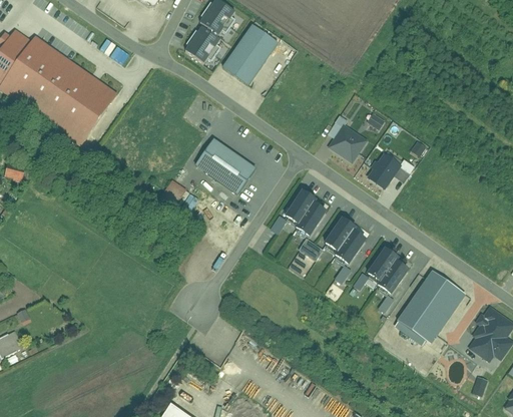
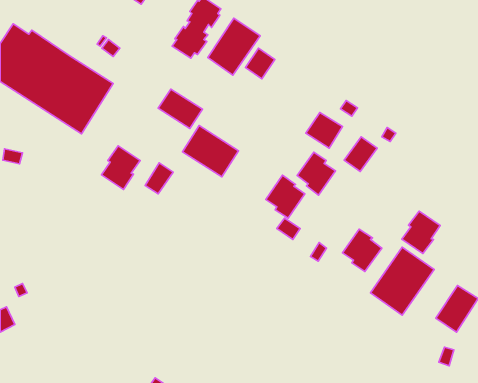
building: none -> [245,48,275,79]
building: none -> [158,89,202,128]
building: none -> [101,146,140,190]
building: [325,220,366,266] -> [297,152,335,195]
building: none -> [402,211,440,254]

